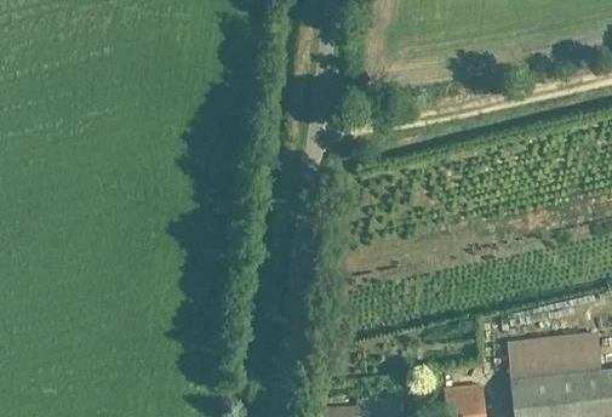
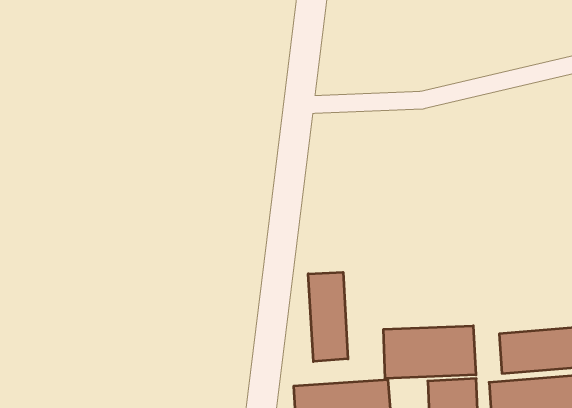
building: none -> [308,272,348,362]
building: none -> [384,326,476,379]

